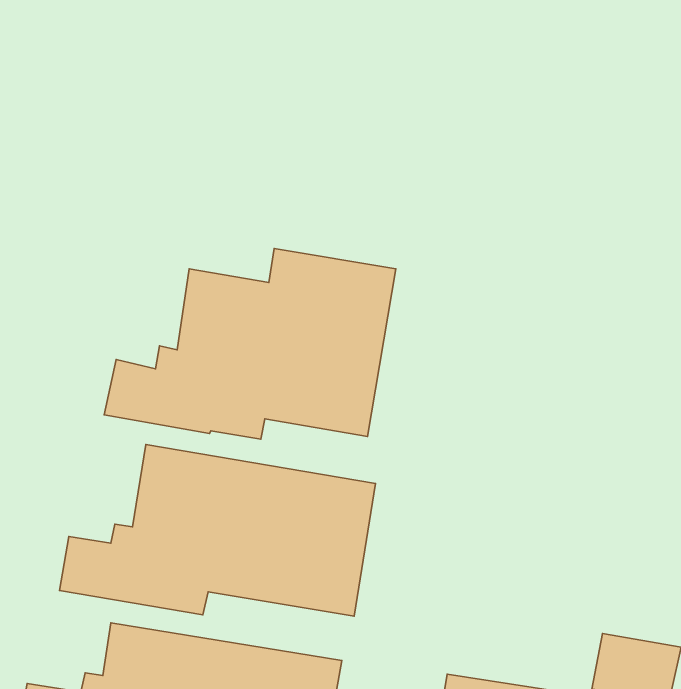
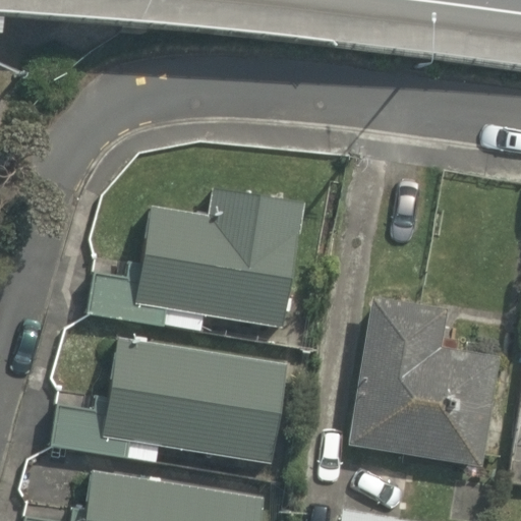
building: none -> [348,297,501,467]

